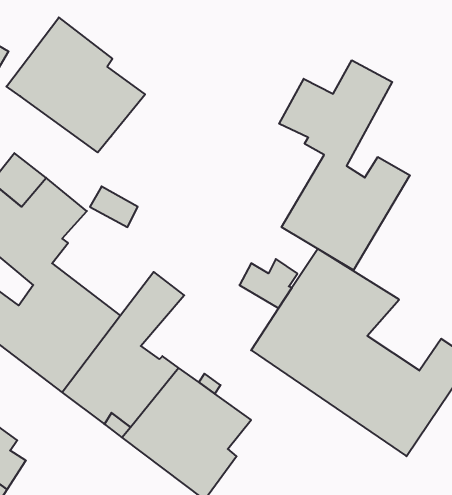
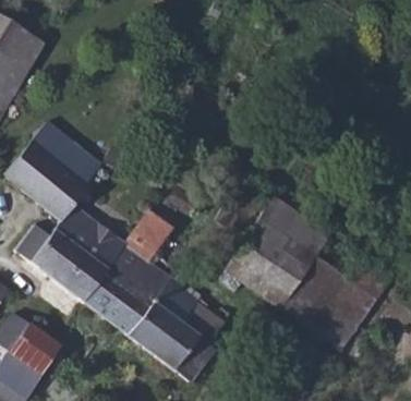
building: [6,17,145,152] -> none
building: [279,60,410,270] -> none

